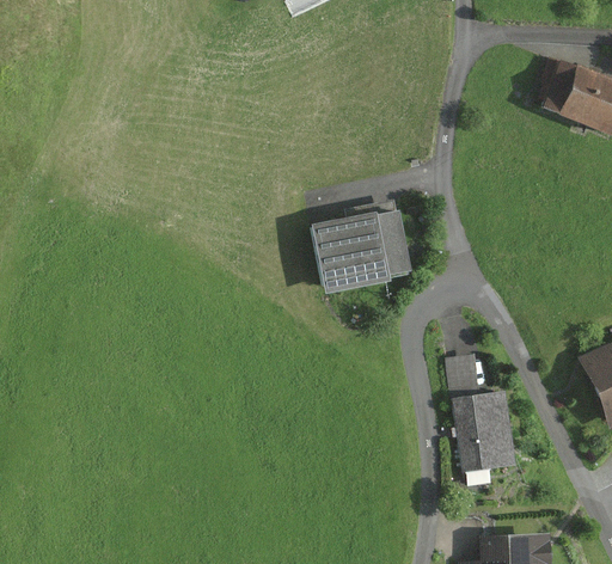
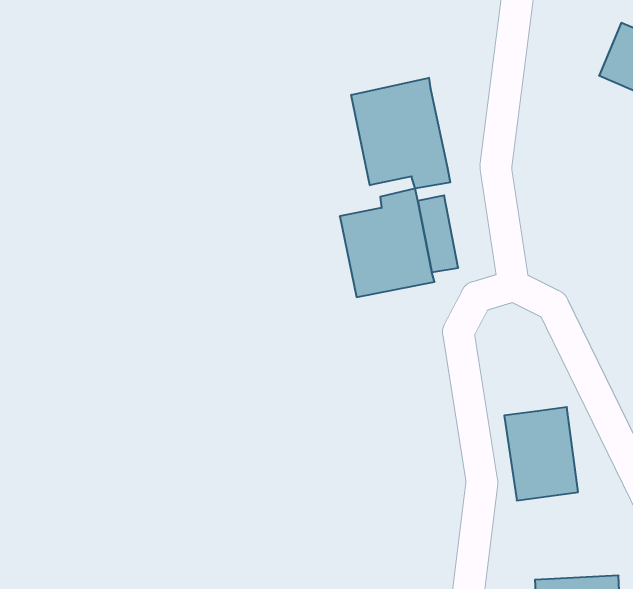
building: none -> [351,78,450,188]
building: [447,355,481,398] -> none

